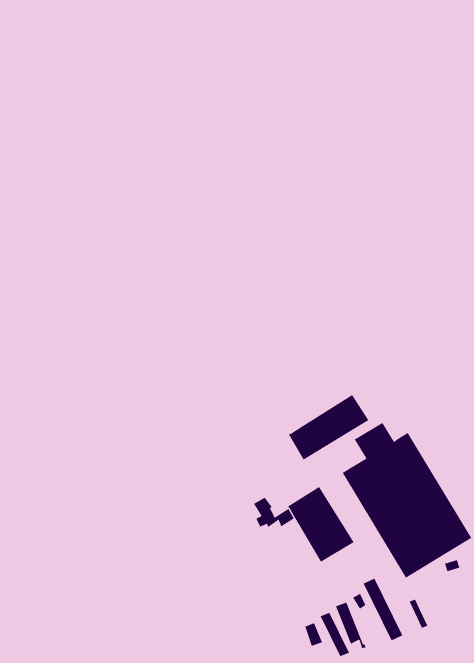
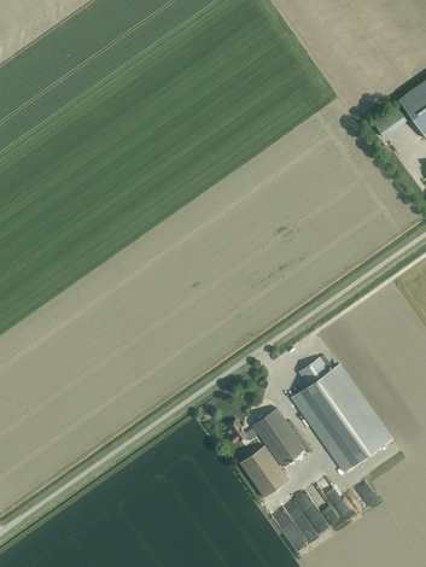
building: [288,394,369,460] -> none
building: none -> [239,445,288,497]

